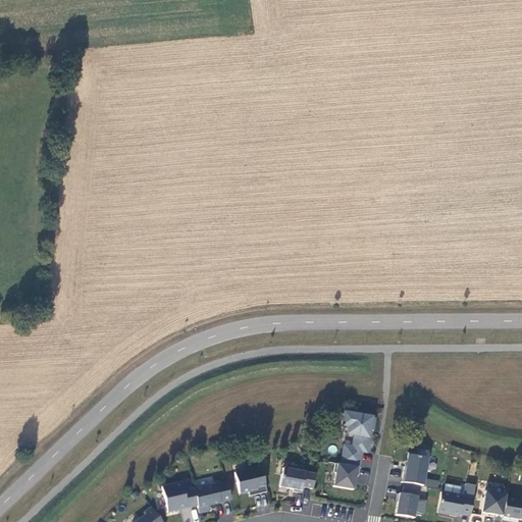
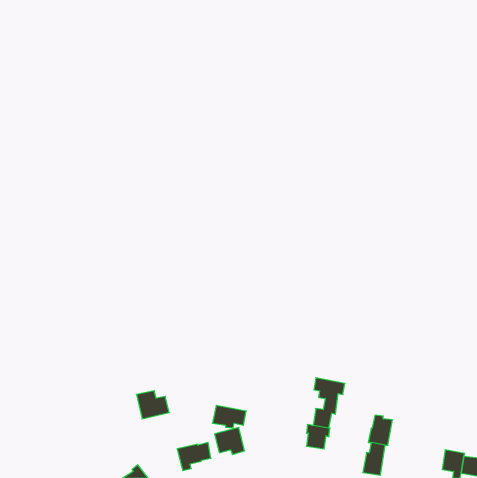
building: [280,467,317,491] -> [212,405,246,428]
building: [163,481,199,512] -> [136,391,169,419]
building: [438,491,475,516] -> none

